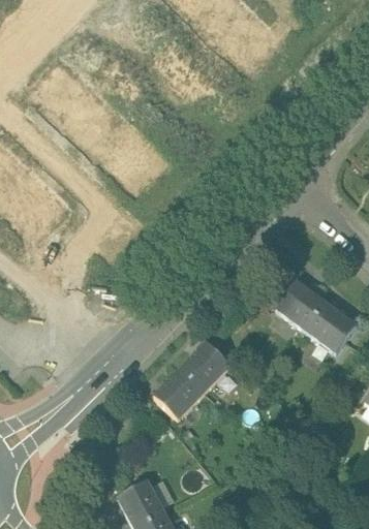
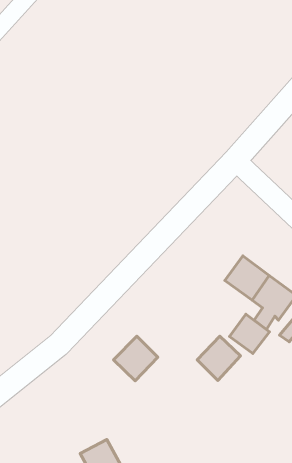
building: [180,343,227,392] -> [197,336,240,381]
building: none -> [230,314,269,353]

